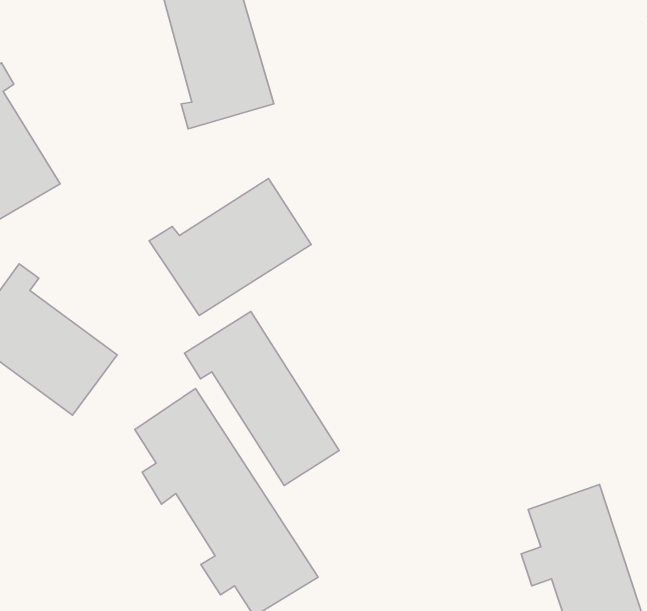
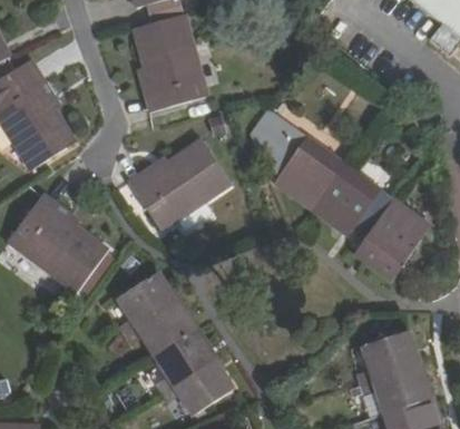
building: none -> [245,106,430,273]
building: [185,311,339,486] -> none

